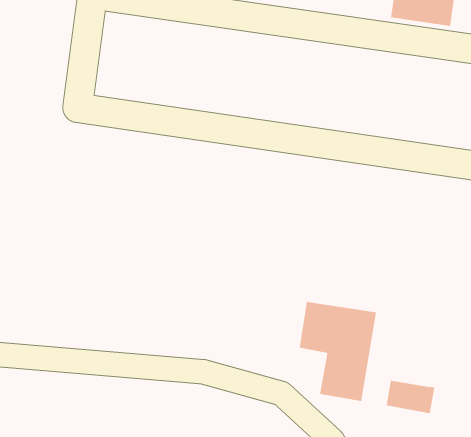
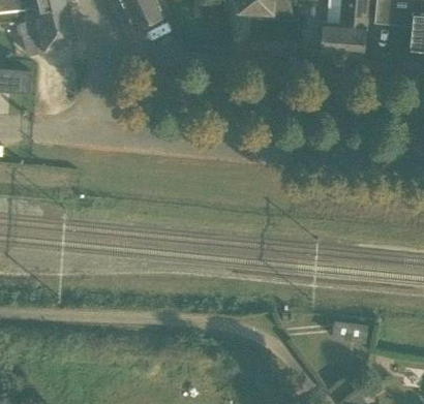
building: [299,301,376,402] -> none

